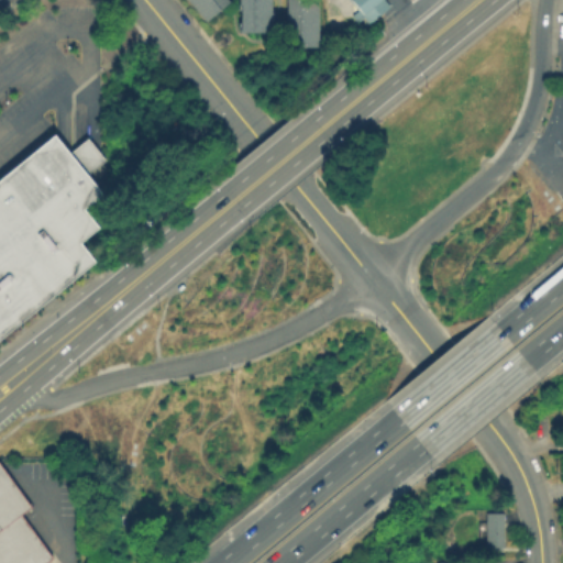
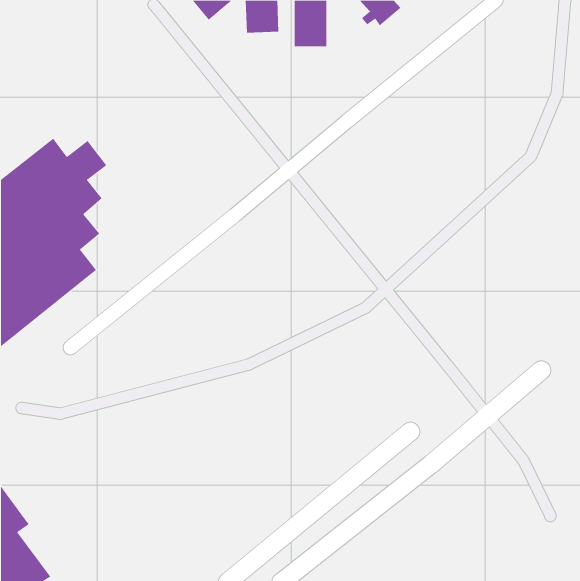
building: [488,511,506,548] -> none

